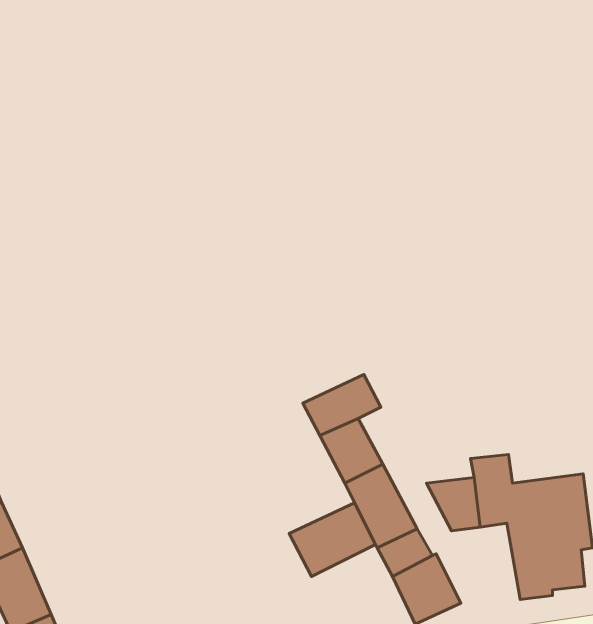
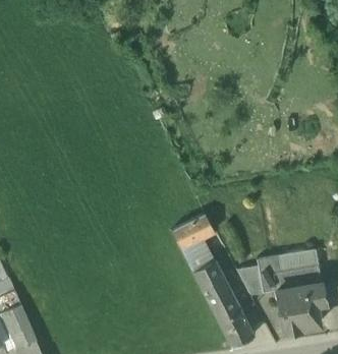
building: none -> [280,248,320,270]
building: [289,503,375,576] -> none

